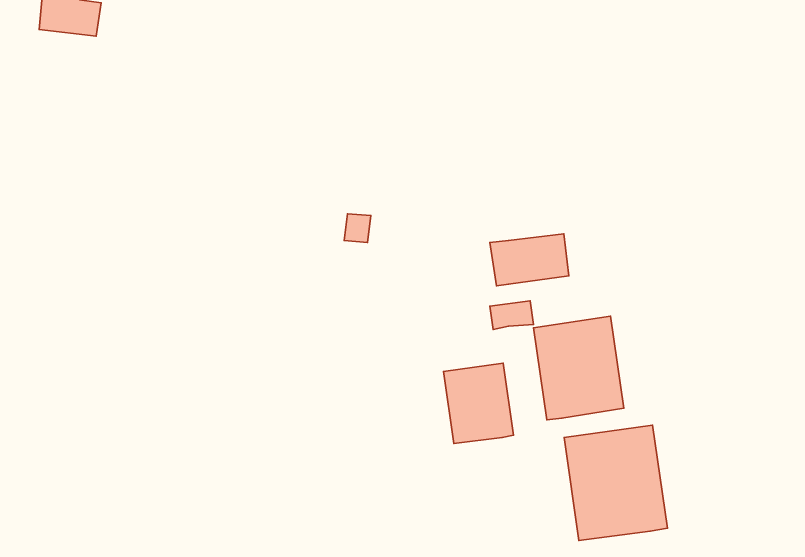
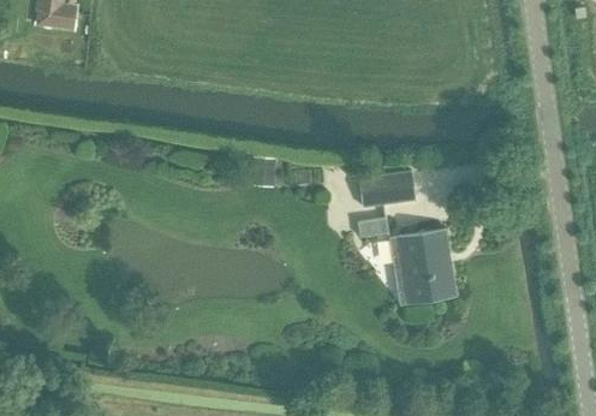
building: [444,363,514,444] -> none
building: [564,425,667,540] -> none

